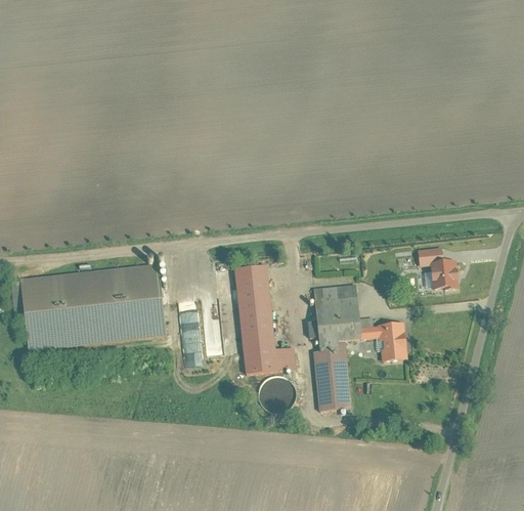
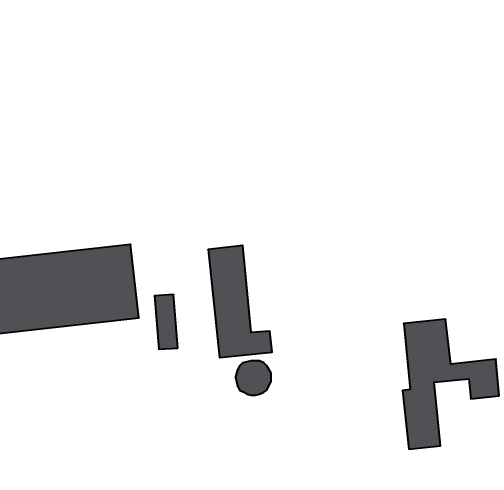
building: [419,248,460,291] -> none
building: [313,283,407,410] -> [403,319,499,449]

